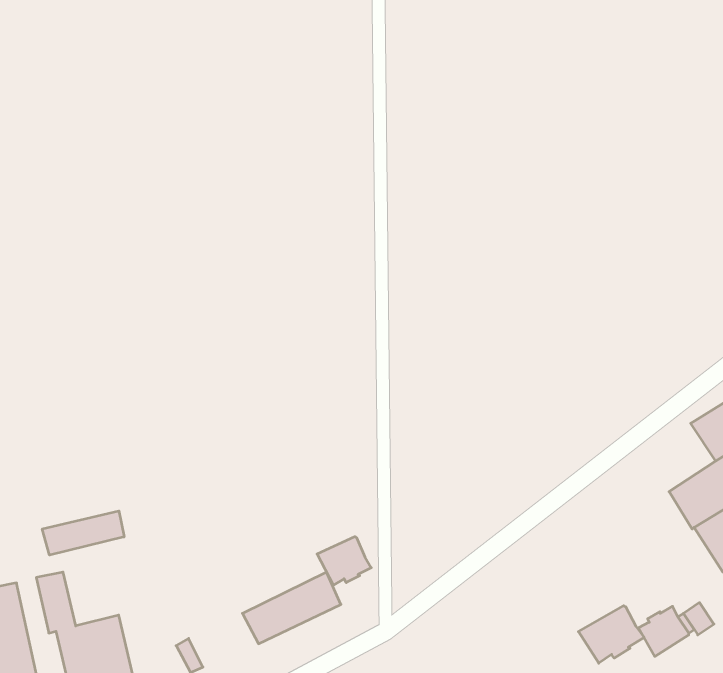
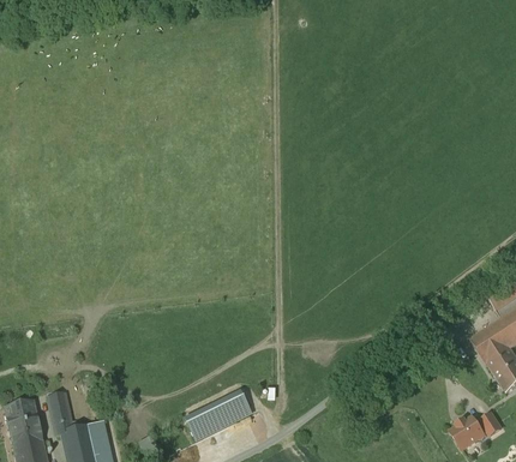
building: [42,511,124,555] -> none
building: [317,537,371,585] -> none
building: [578,606,644,663] -> none

